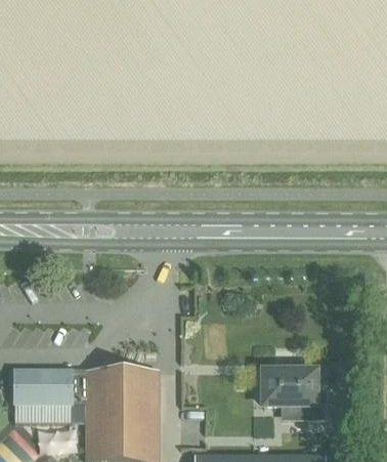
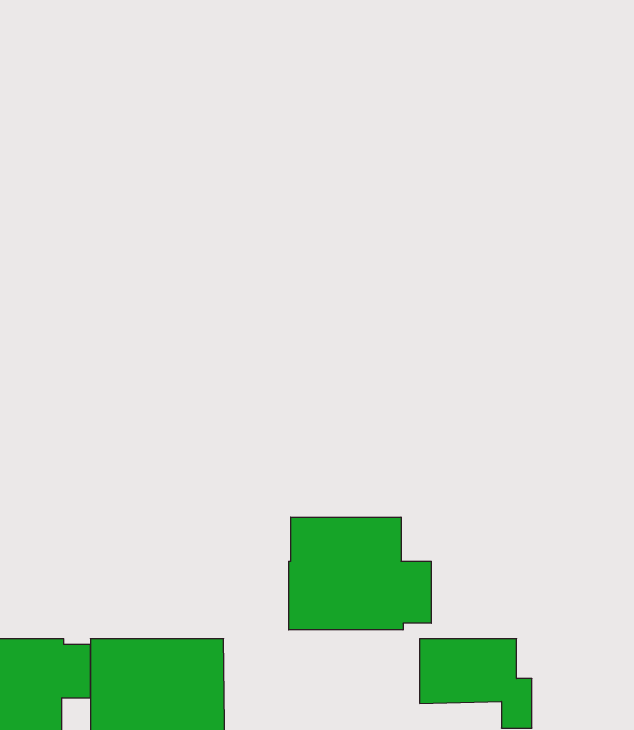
building: none -> [289,517,431,630]

